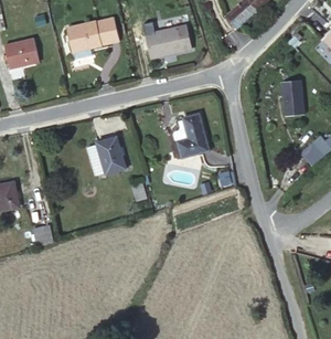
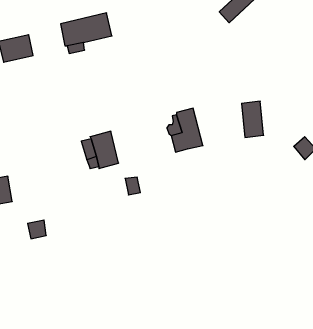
building: [145,25,191,57] -> none
building: [281,80,303,116] -> [242,101,264,137]

